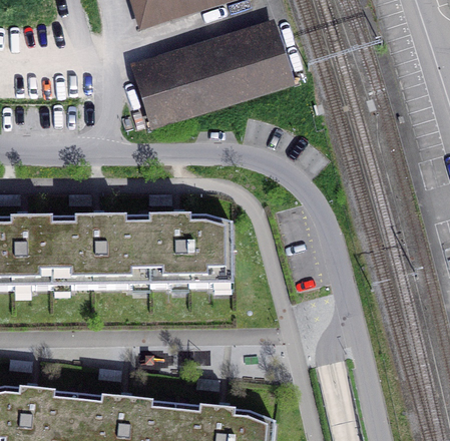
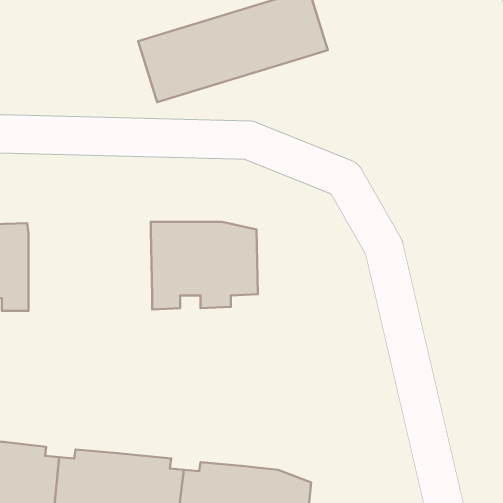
building: [49,217,146,287] -> none

